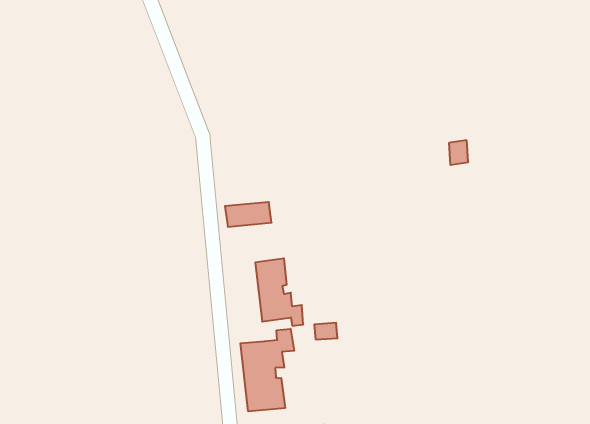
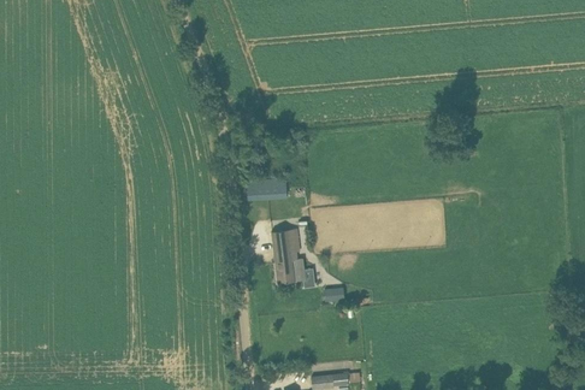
building: [240,329,294,411] -> none

